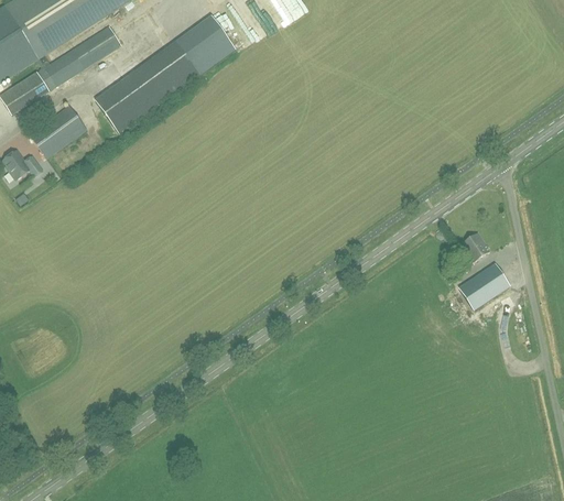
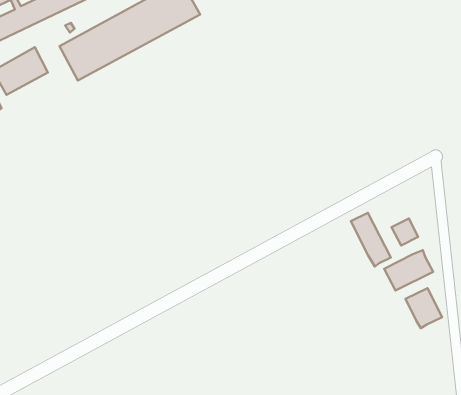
building: none -> [351,213,391,267]
building: none -> [406,288,442,328]

